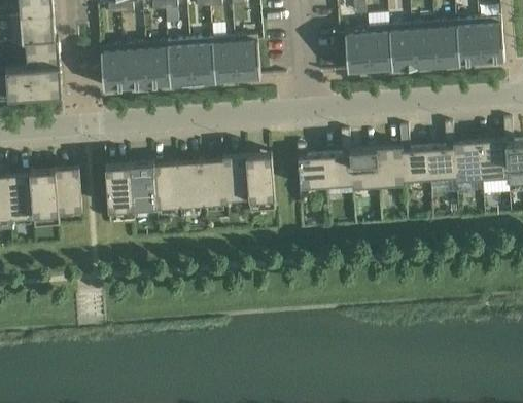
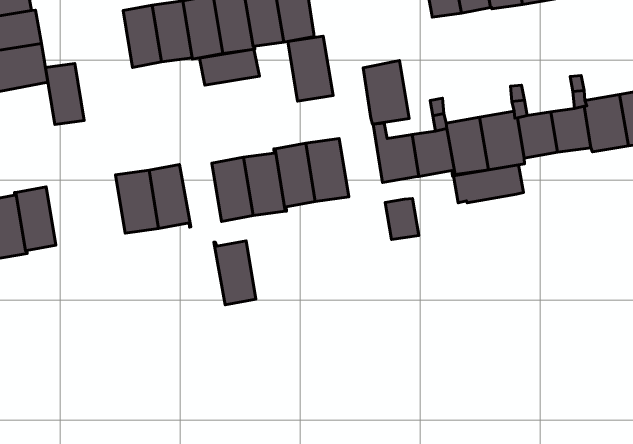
building: [100,47,125,90] -> [45,63,84,124]
building: none -> [288,36,333,101]
building: none -> [200,49,259,85]
building: none -> [363,60,409,124]
building: [152,163,179,210] -> [214,241,256,305]
building: [54,169,81,214] -> none
building: none -> [454,165,523,203]
building: none -> [385,198,419,239]

